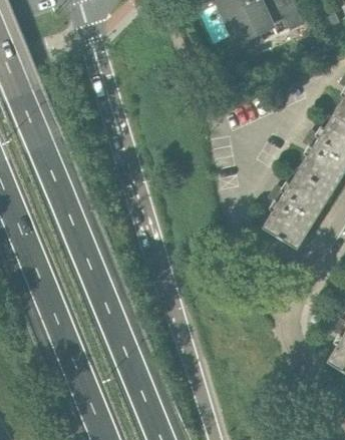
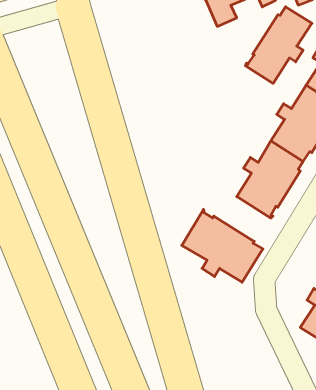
building: none -> [245,7,312,83]
building: none -> [182,209,263,282]

